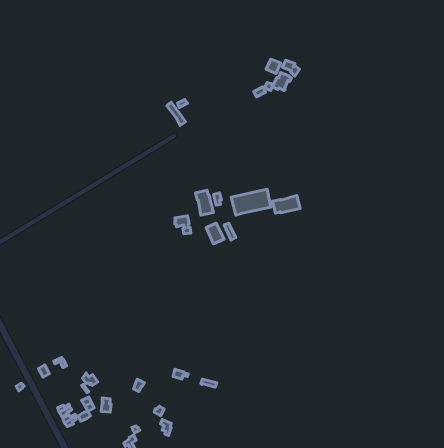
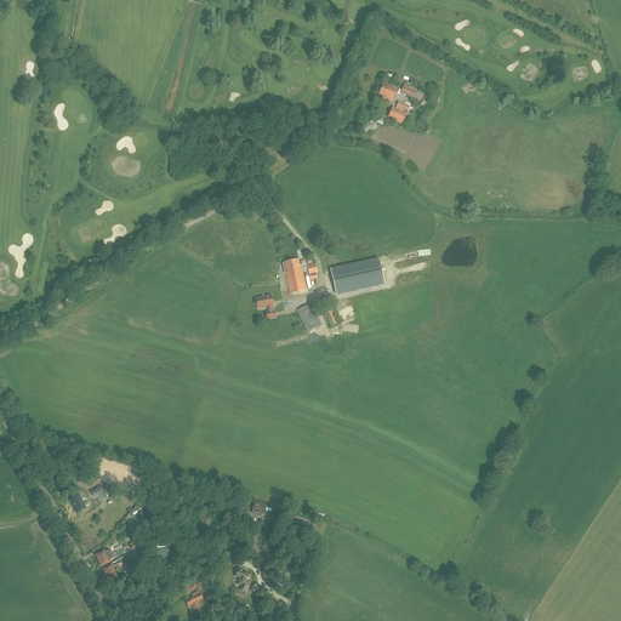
building: [272,196,300,213] -> none

